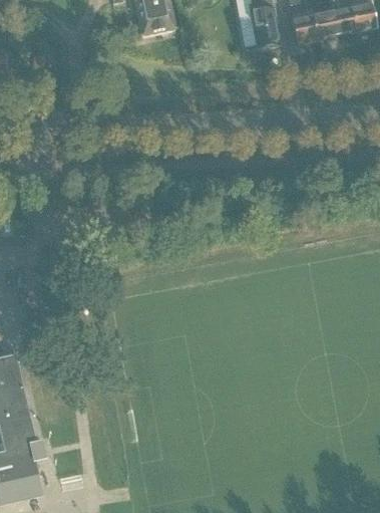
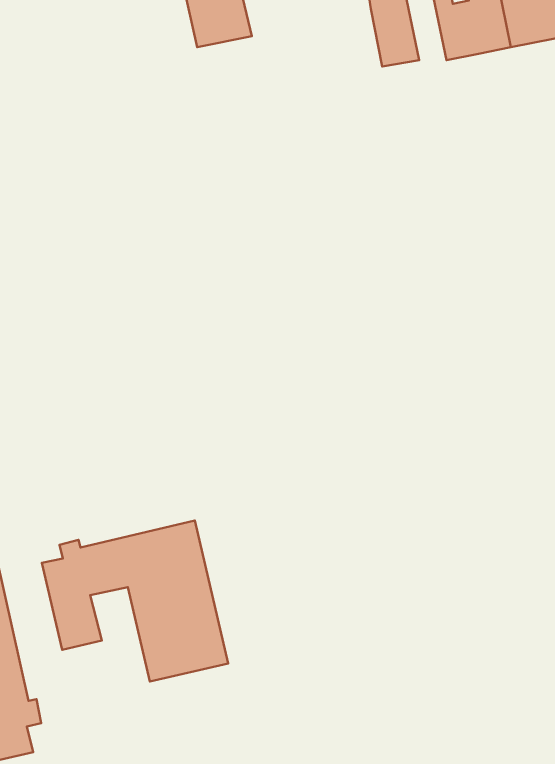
building: none -> [42,520,228,682]

